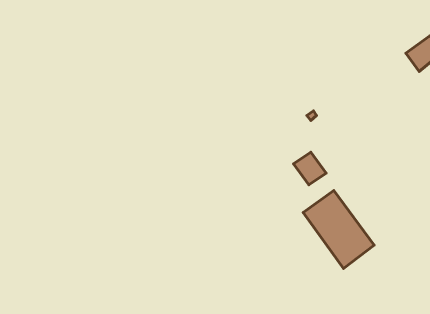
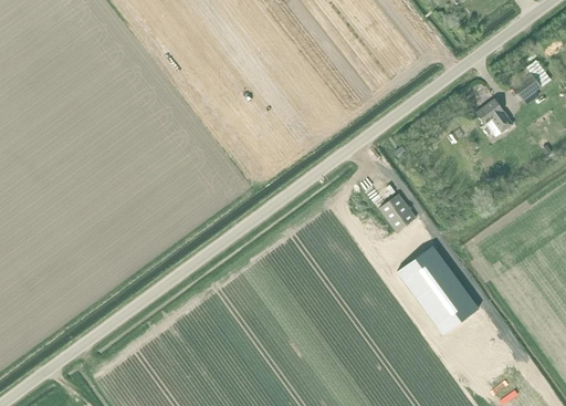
building: none -> [475,98,511,136]

